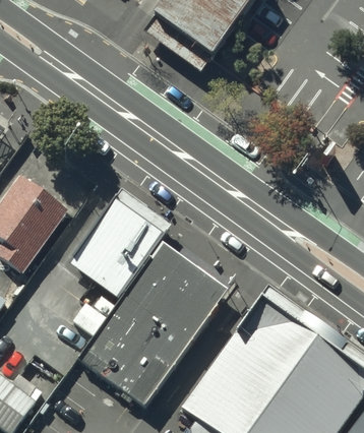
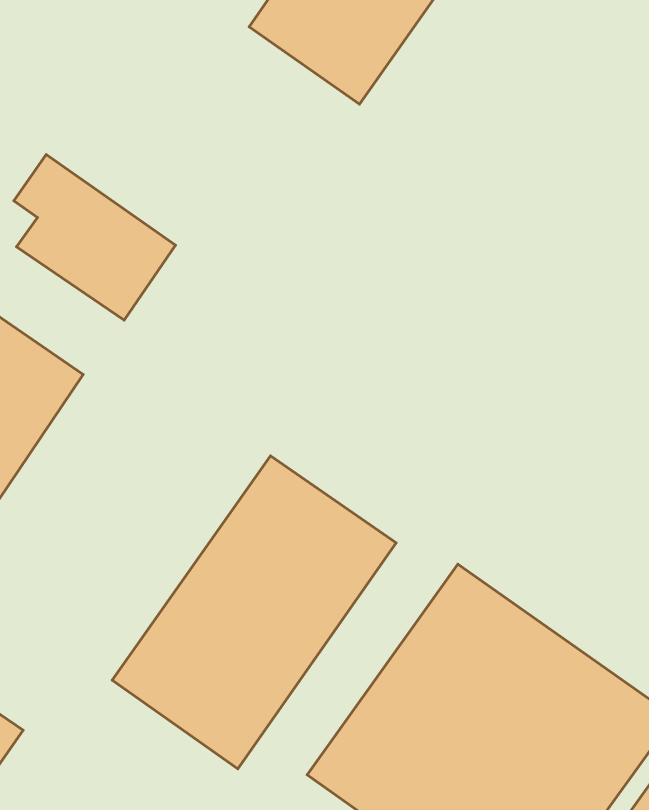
building: none -> [14,155,176,320]
building: [68,195,167,298] -> none

